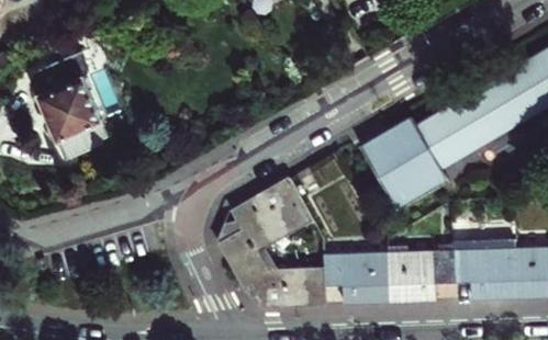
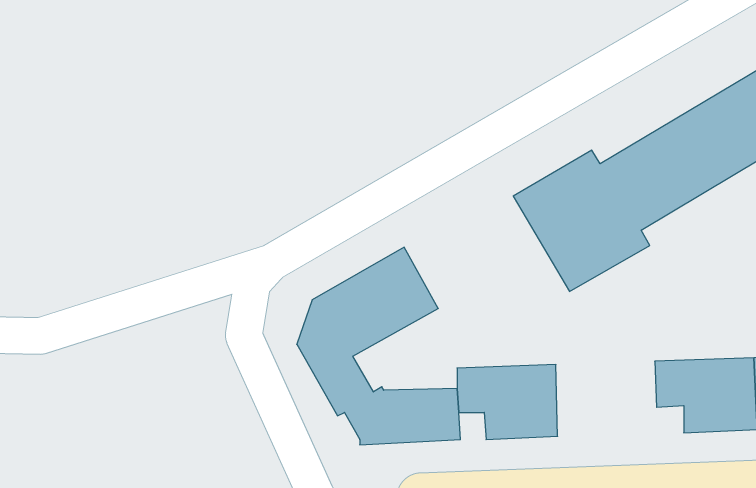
building: [33,52,108,160] -> none
building: [387,252,451,301] -> none

